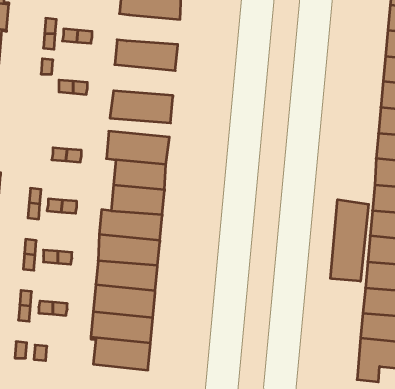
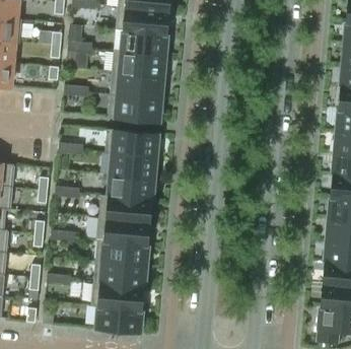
building: none -> [121,28,166,54]
building: none -> [110,71,162,97]
building: [330,200,369,281] -> none

